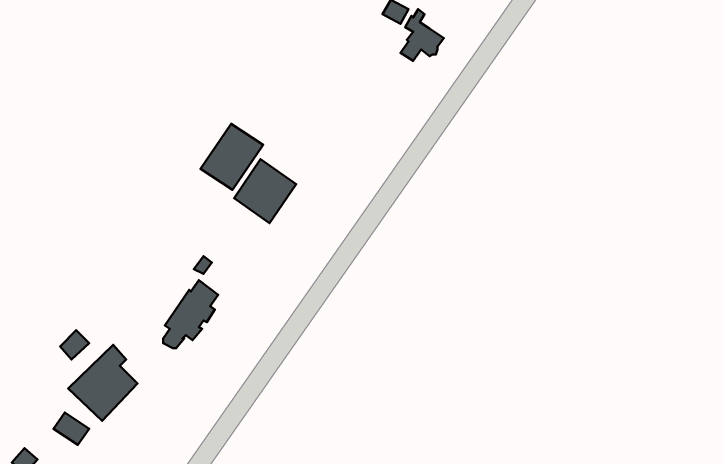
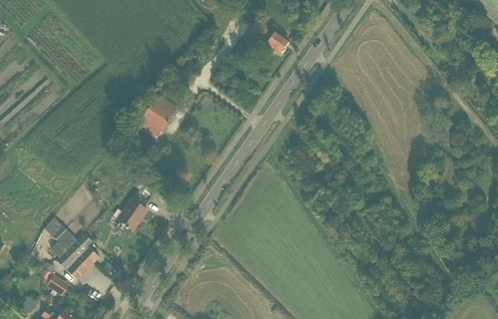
building: [234,159,296,223] -> none

